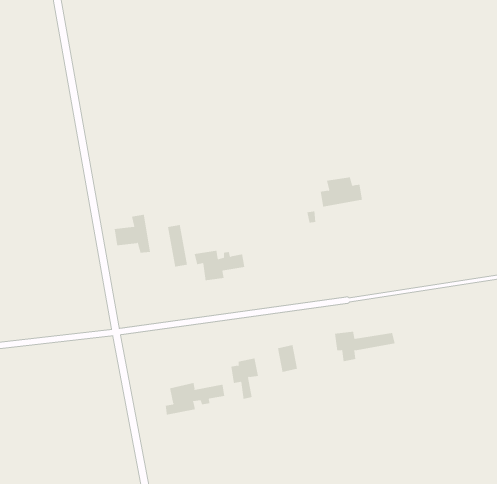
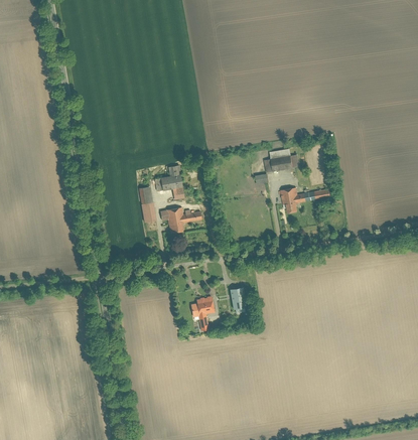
building: [114,214,151,253] -> [154,165,184,197]
building: [334,331,395,362] -> [281,188,331,213]
building: [165,382,225,416] -> none

